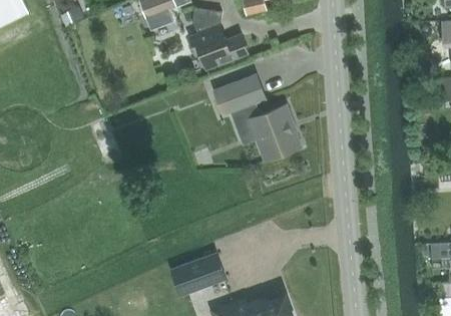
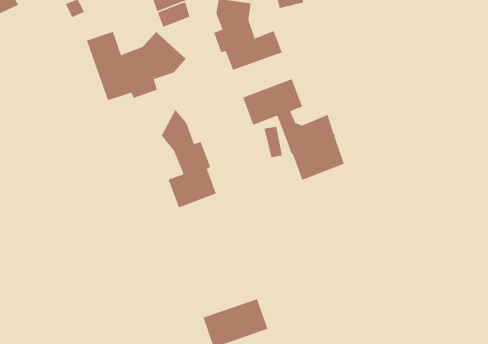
building: none -> [86,31,186,101]
building: none -> [161,108,217,208]

